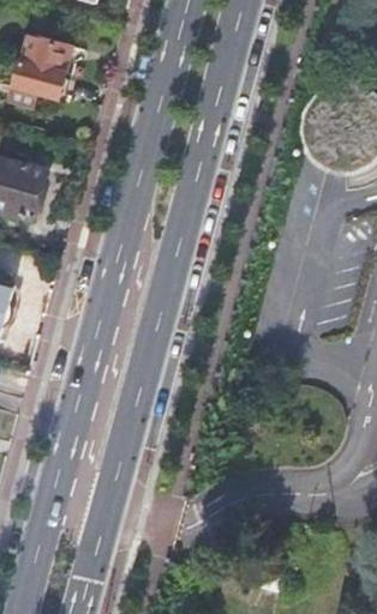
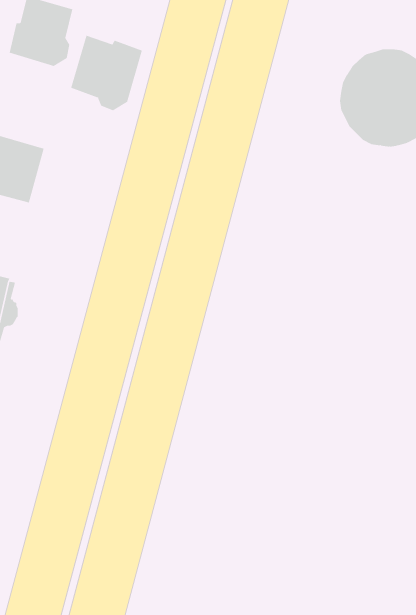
building: none -> [71,35,143,111]

